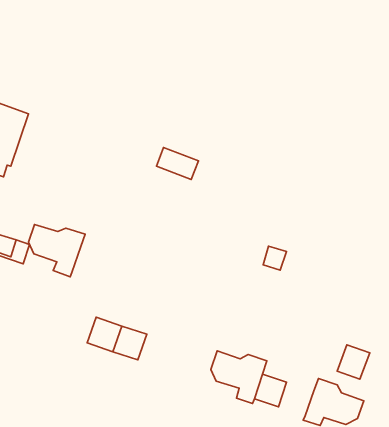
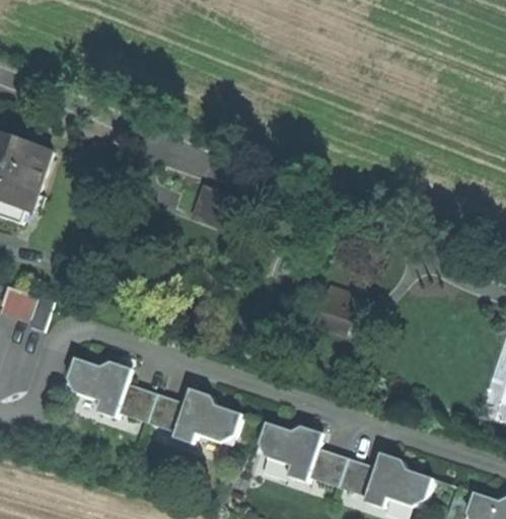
building: [28,224,85,277] -> [67,358,132,418]
building: none -> [172,388,241,443]
building: [337,345,370,379] -> none
building: none -> [335,457,375,496]

